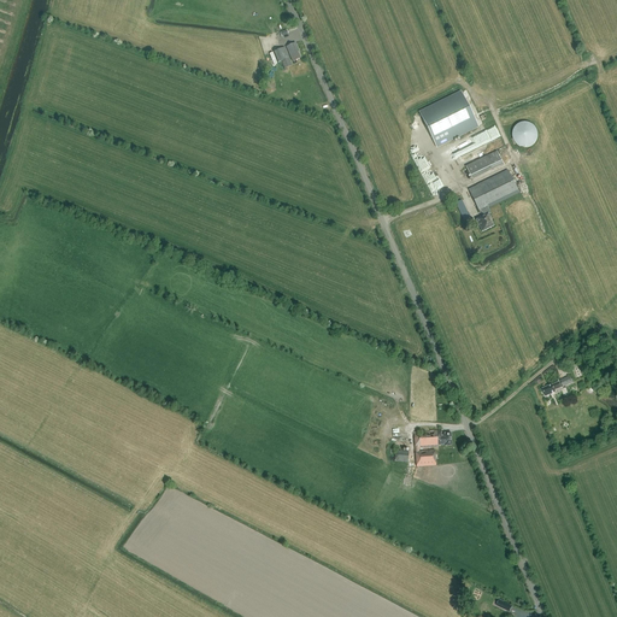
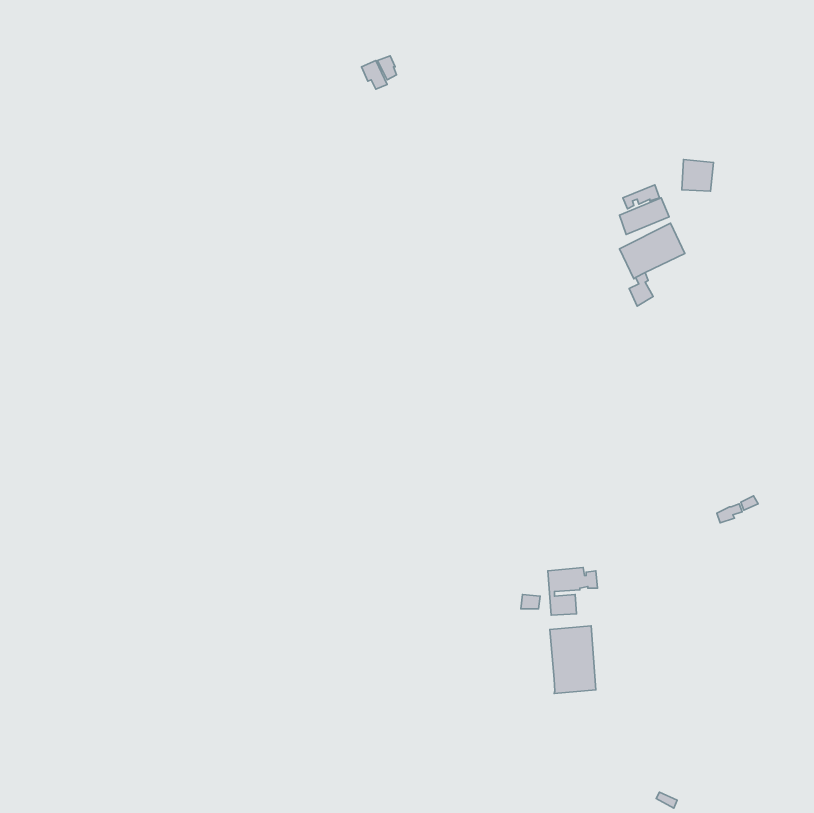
building: [419,90,478,147] -> none
building: none -> [550,626,596,694]

